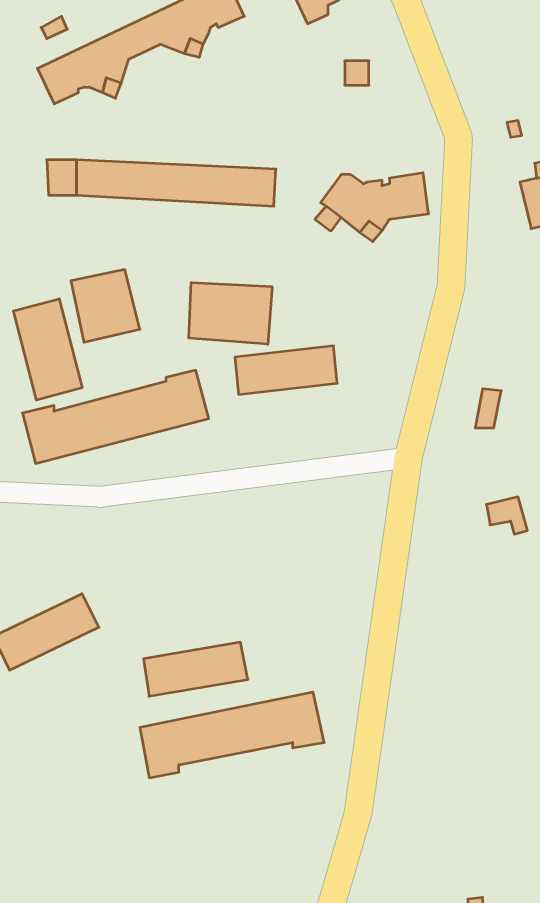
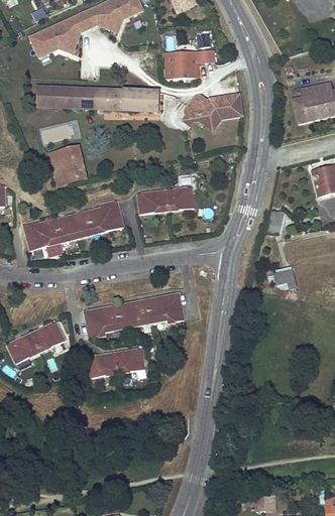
building: none -> [165,51,198,79]
building: [189,283,272,344] -> none
building: [13,299,82,400] -> none
building: [140,692,324,778] -> [85,292,185,339]

